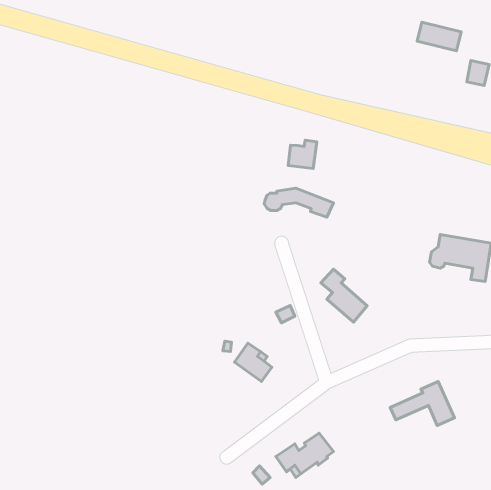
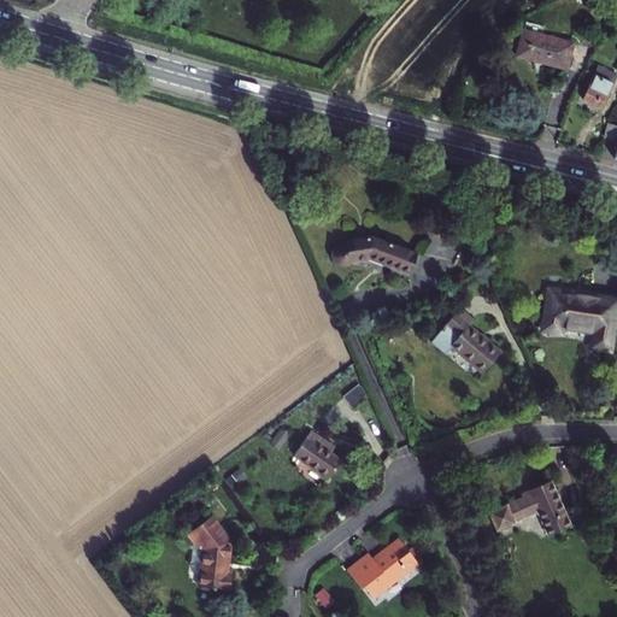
building: [288,140,317,168] -> none
building: [321,269,367,322] -> [442,305,500,371]
building: none -> [188,518,230,593]

